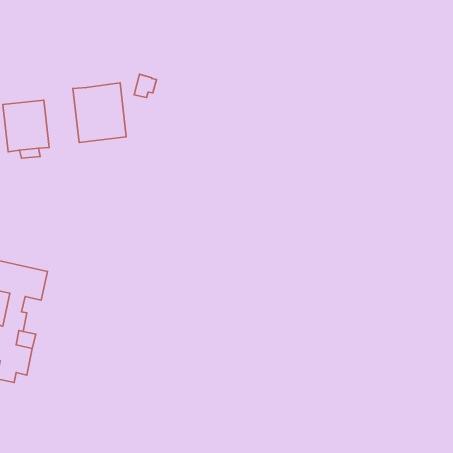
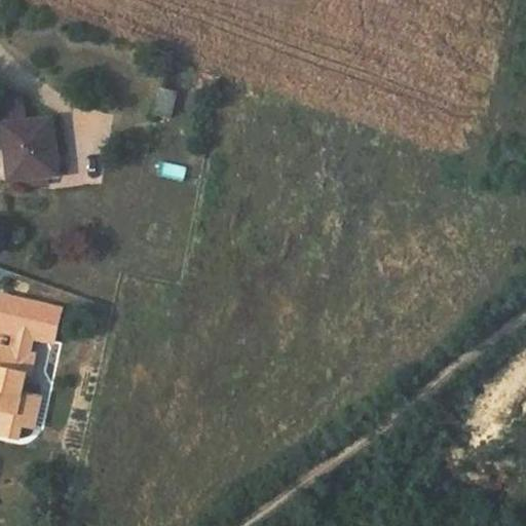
building: [73,83,126,142] -> none

